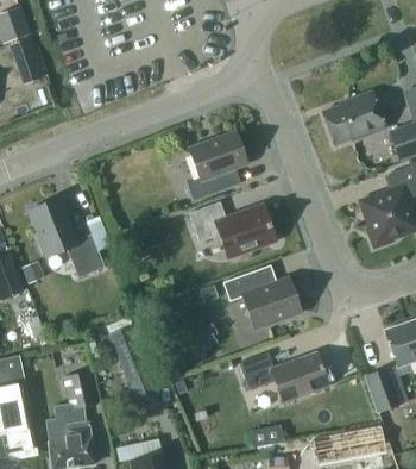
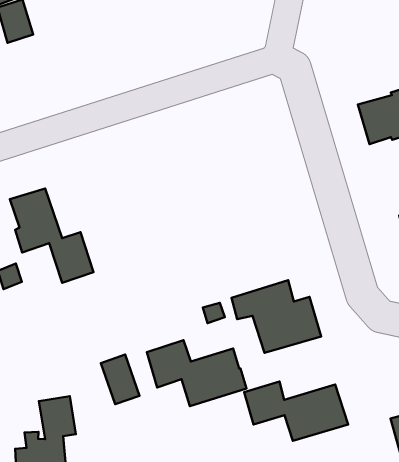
building: [185,132,246,200] -> none
building: [188,200,275,256] -> [147,340,246,406]

